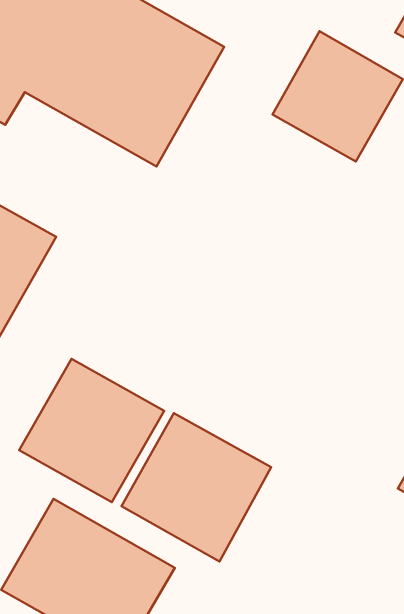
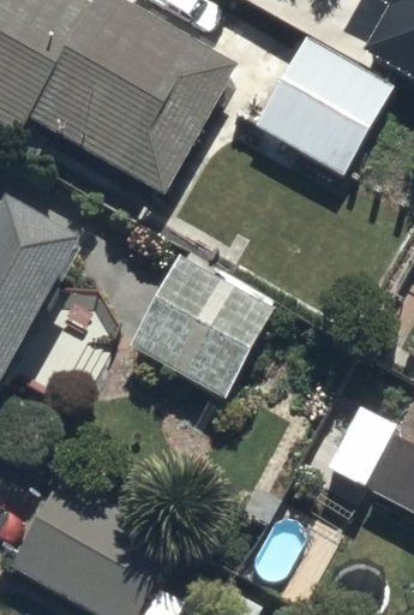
building: [19,359,164,502] -> [138,259,271,392]
building: [121,413,271,561] -> none

